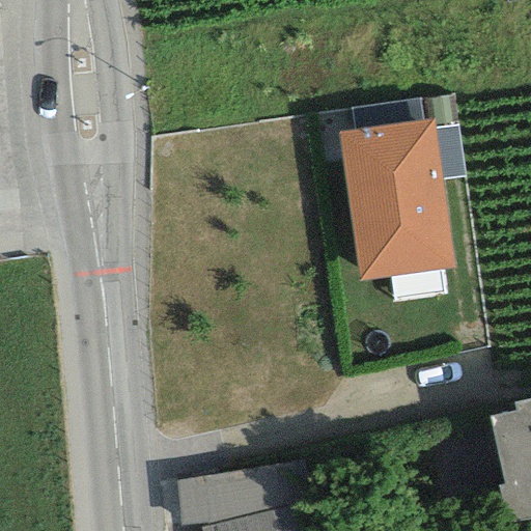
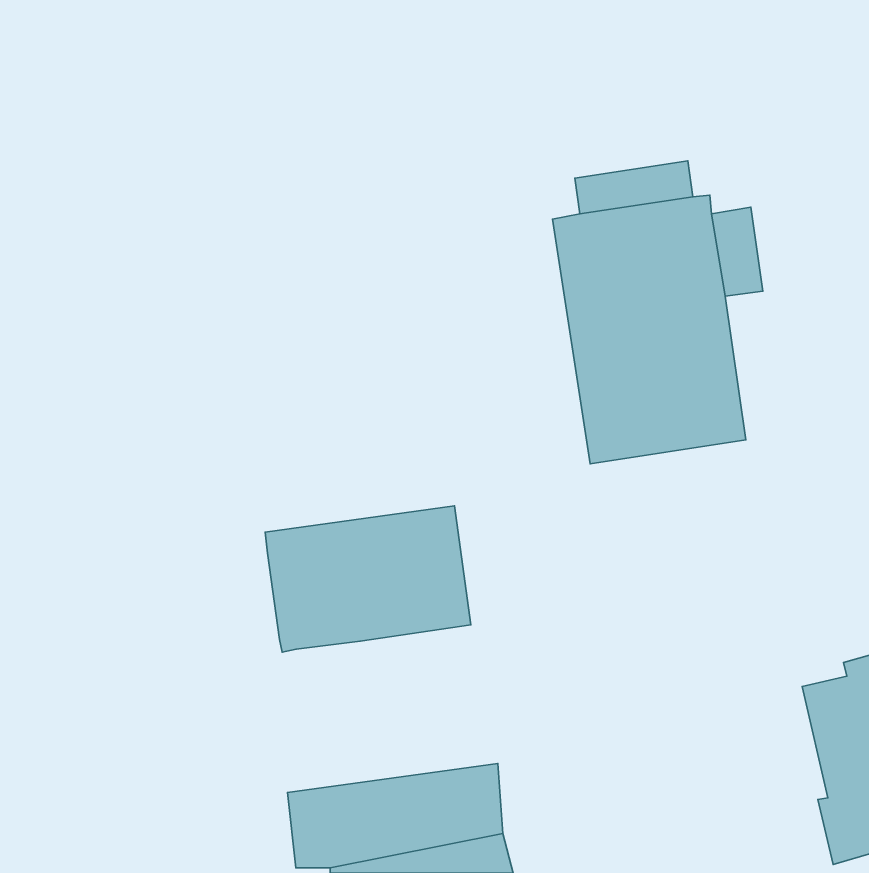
building: none -> [265,506,471,652]

